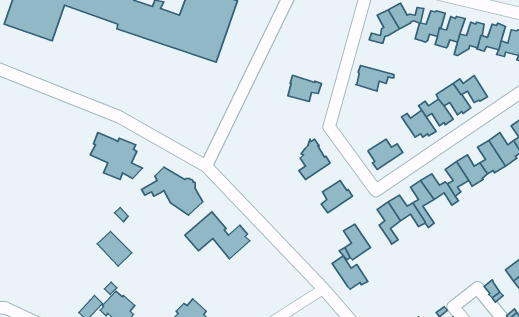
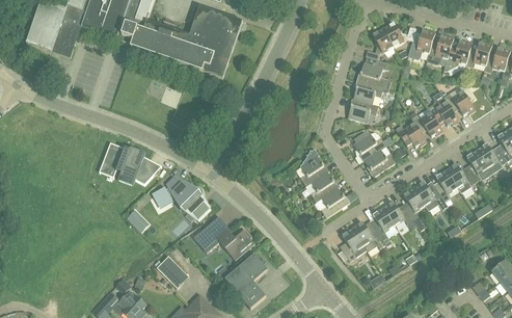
building: none -> [356,59,390,88]
building: [288,76,321,101] -> [347,98,378,122]
building: none -> [353,131,385,161]
building: none -> [305,171,339,202]
building: [97,232,132,266] -> [157,256,189,288]
building: none -> [224,254,267,309]
building: [332,256,368,289] -> [351,220,384,251]

